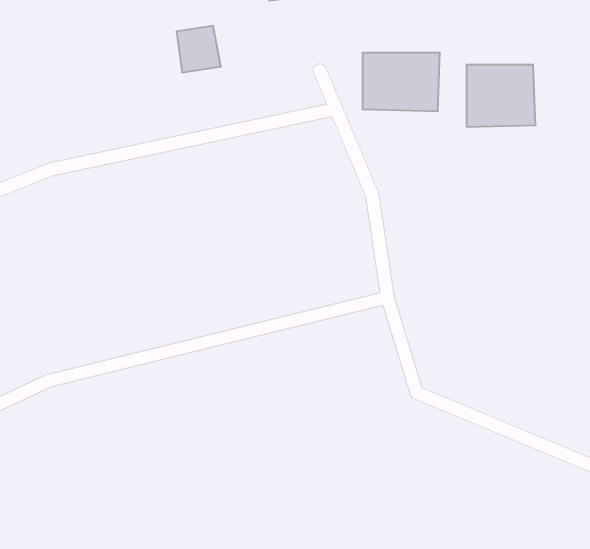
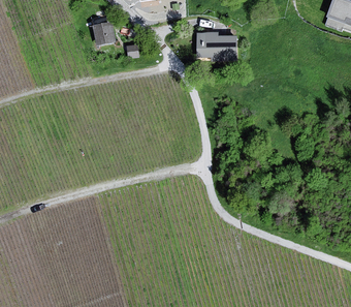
building: [467,64,535,127] -> none

